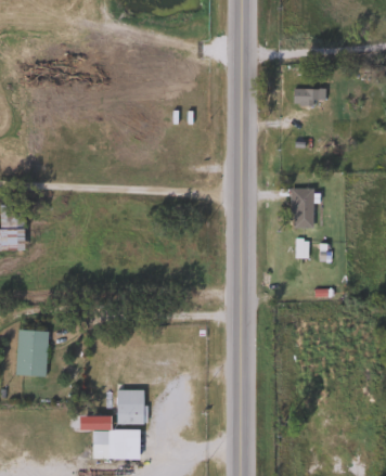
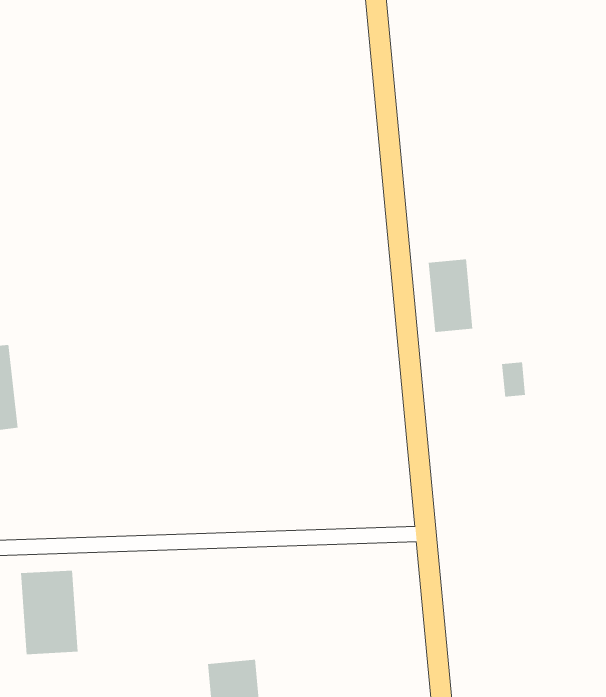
building: [294,88,325,105] -> none
building: [292,188,313,227] -> [428,259,473,332]

